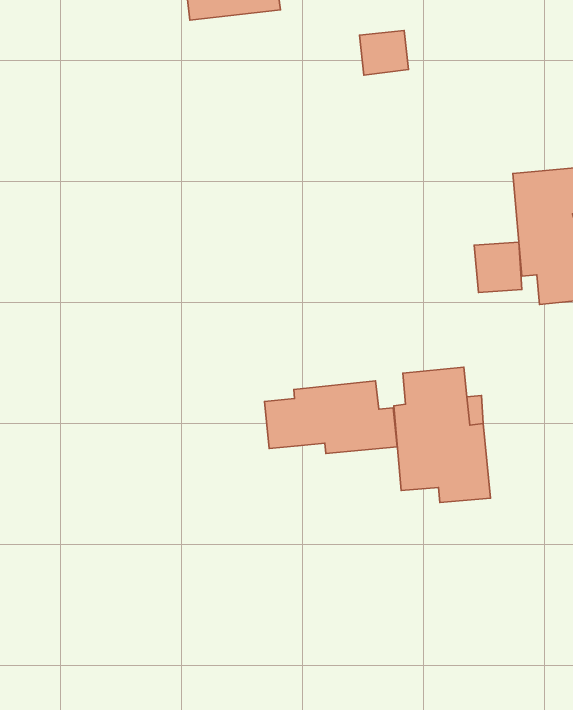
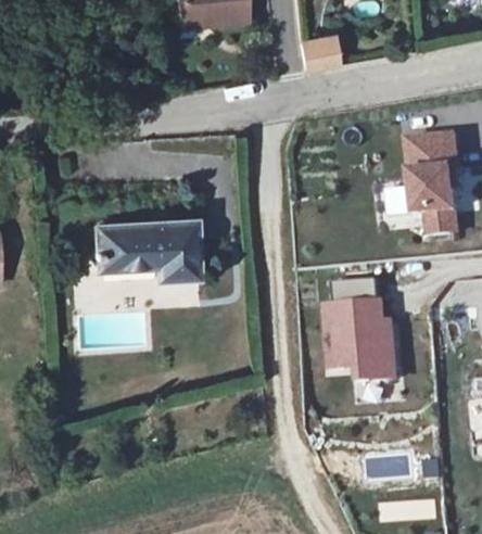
building: none -> [96,216,203,285]
building: [264,381,397,454] -> none

